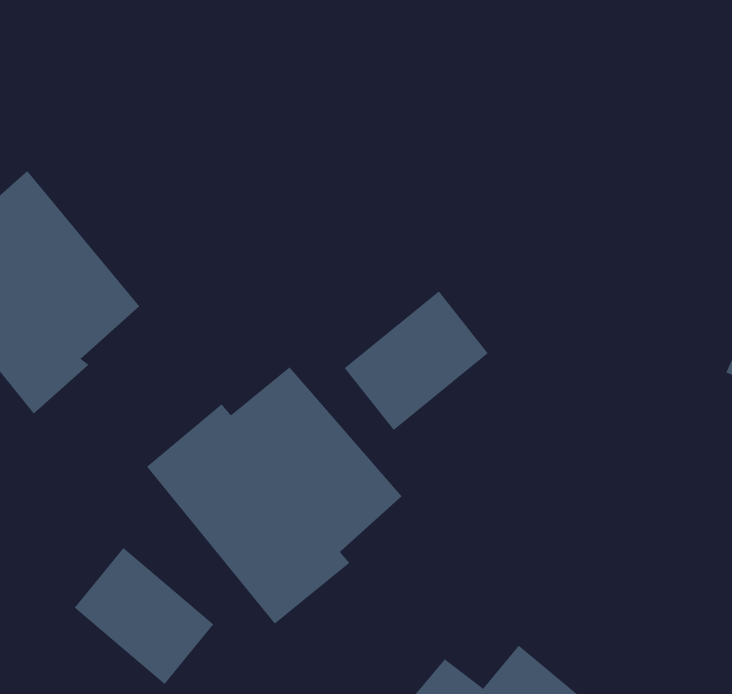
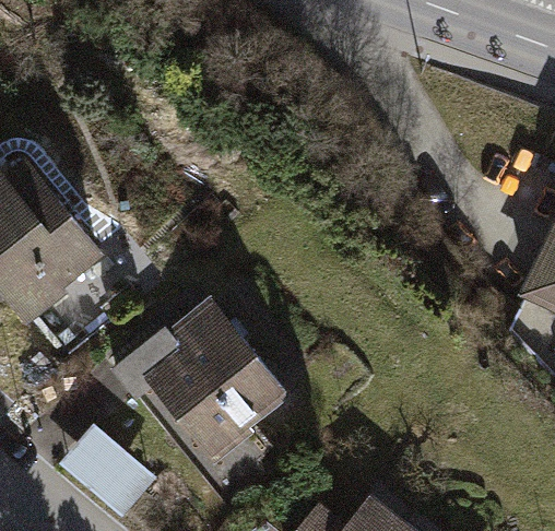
building: [344,290,489,431] -> none

